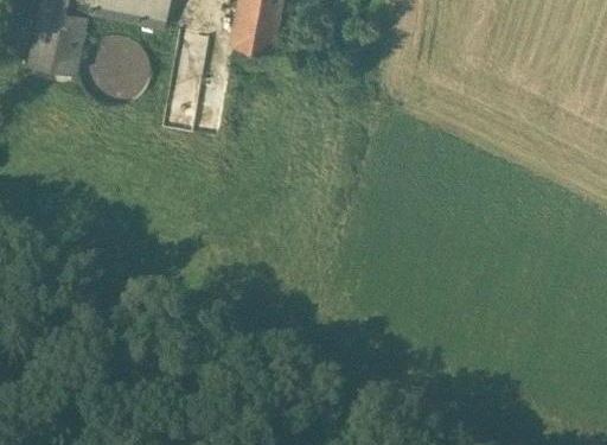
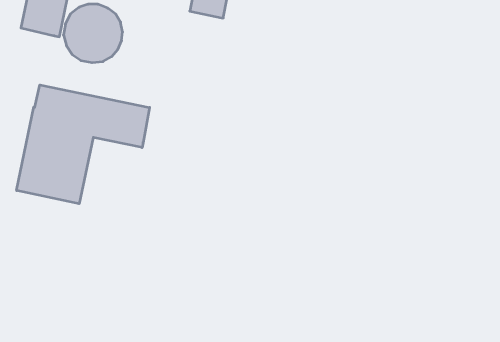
building: none -> [17,85,150,204]

